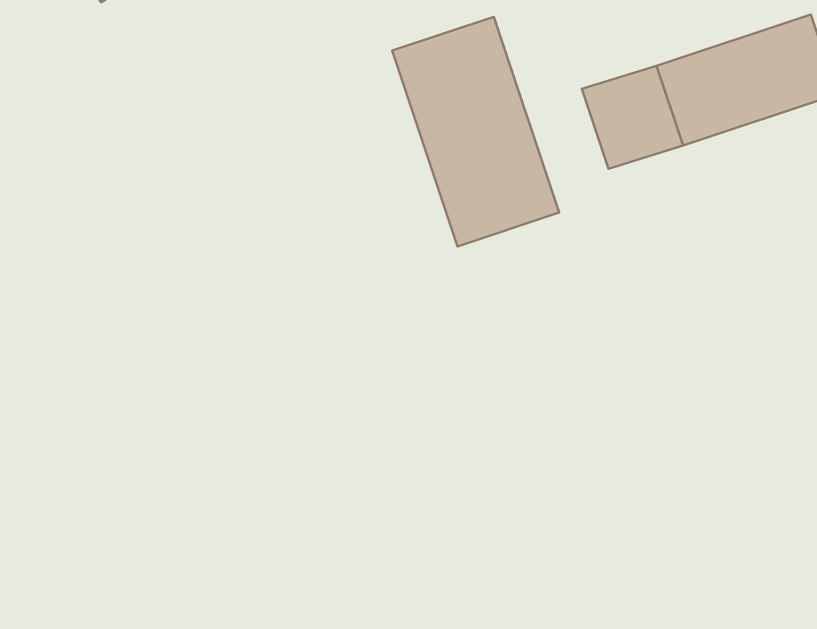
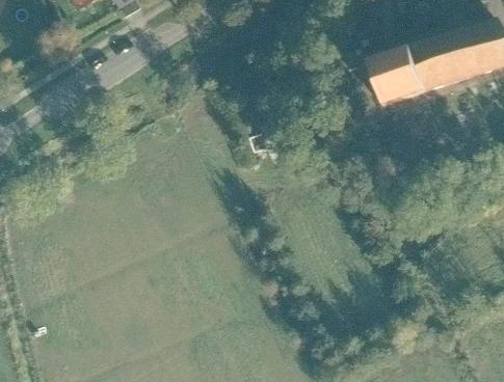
building: [392,17,559,246] -> none

